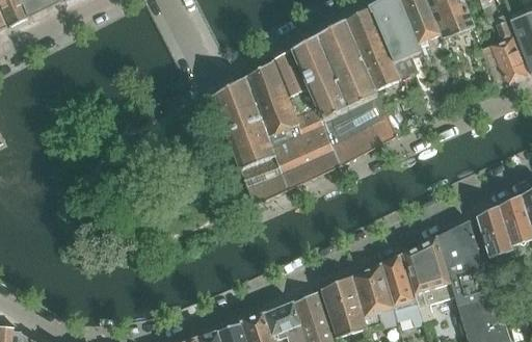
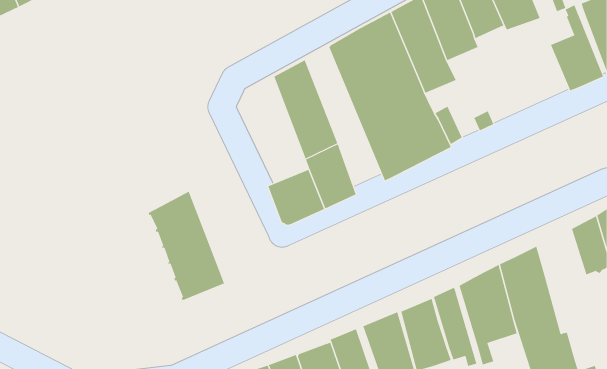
building: [272,51,340,178] -> none
building: [210,77,275,170] -> [148,191,225,301]
building: [476,207,513,259] -> none

